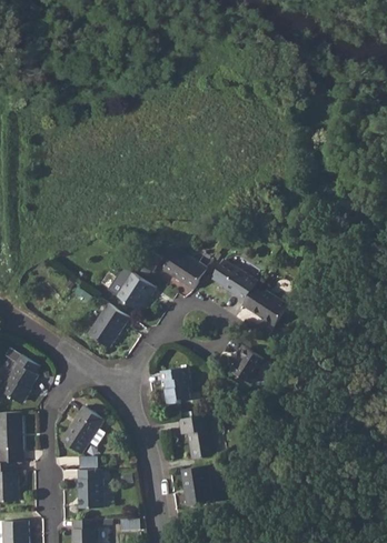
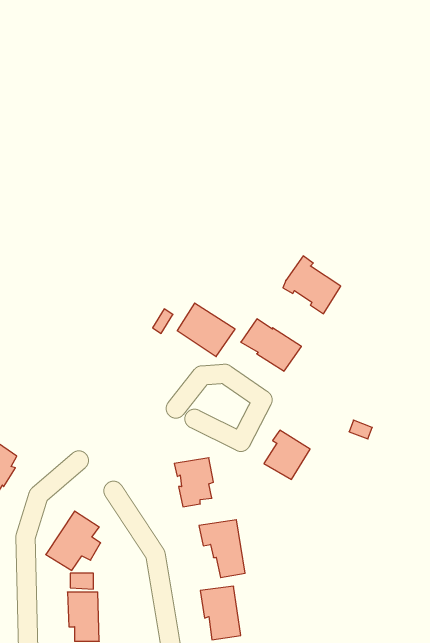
building: [118,274,156,310] -> none
building: [242,282,287,326] -> [283,256,341,314]
building: [88,304,129,349] -> none

